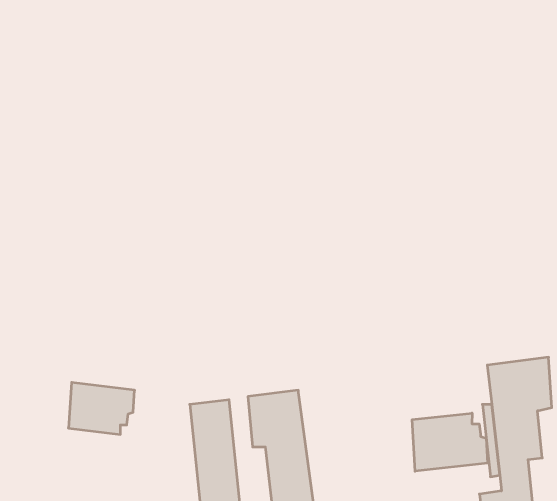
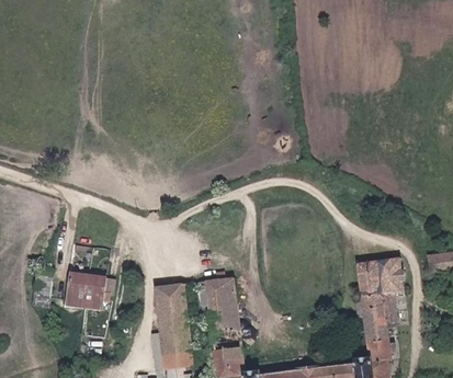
building: [412,413,488,471] -> none

